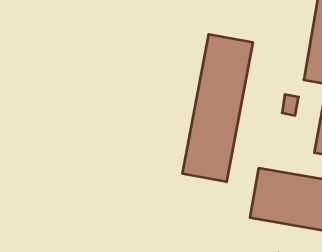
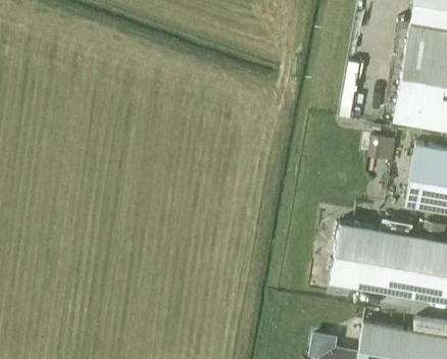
building: [183,34,253,182] -> none

